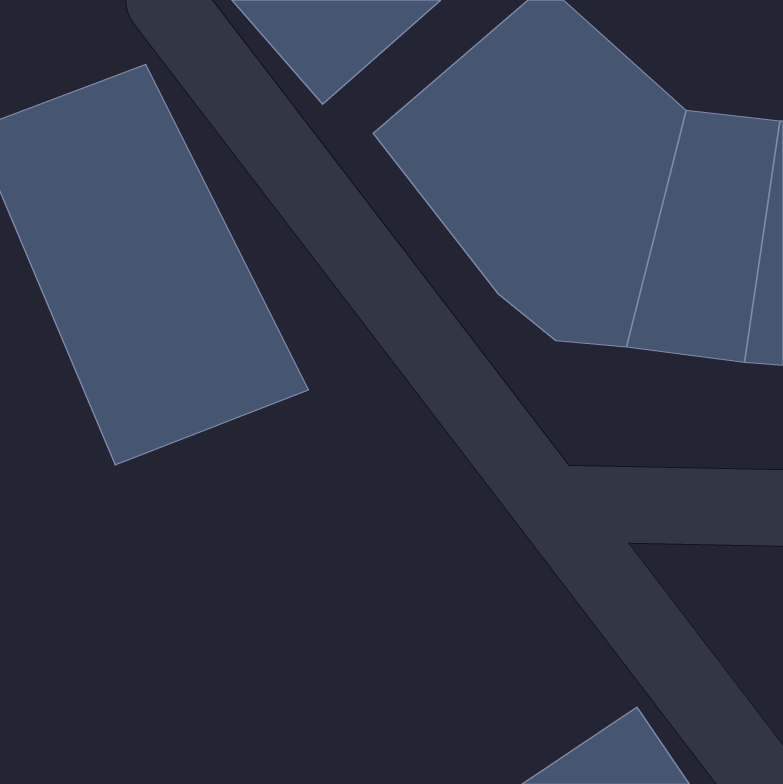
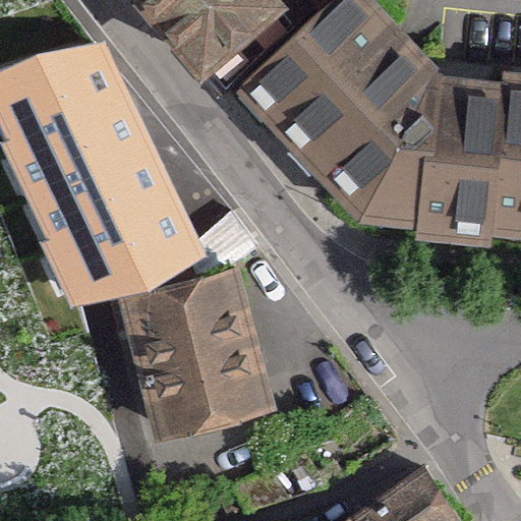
building: none -> [118,266,281,438]

